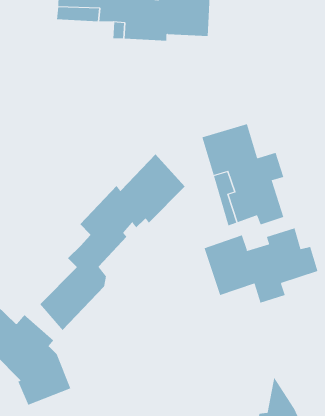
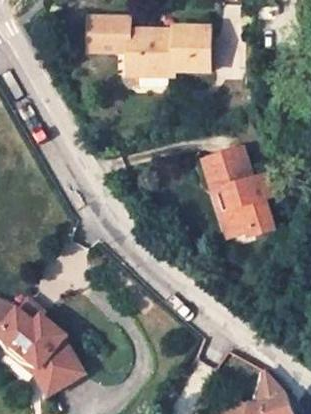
building: [39,153,185,331] -> none
building: [204,227,318,304] -> none

